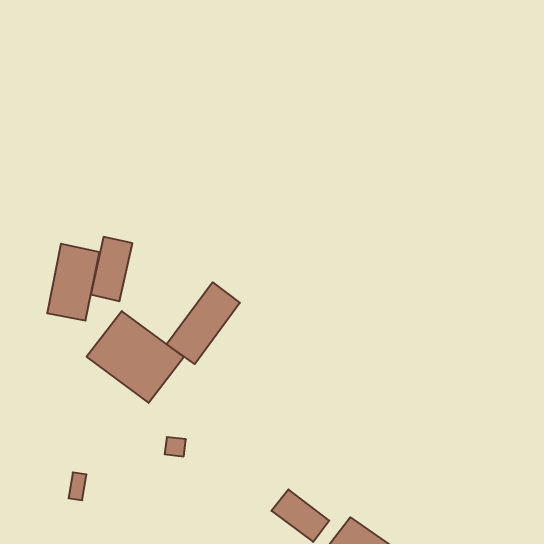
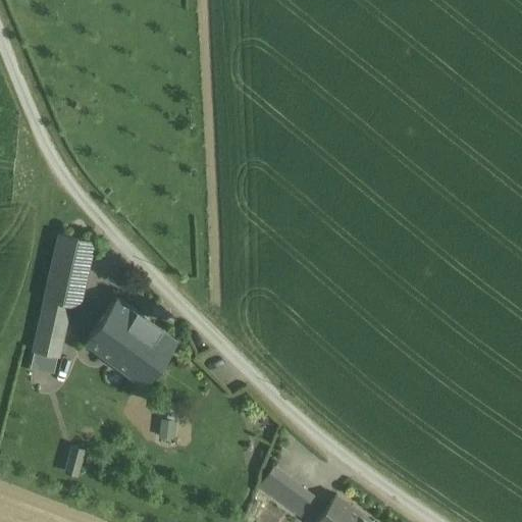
building: [91,237,132,301] -> [33,301,72,362]
building: [167,282,240,364] -> none

